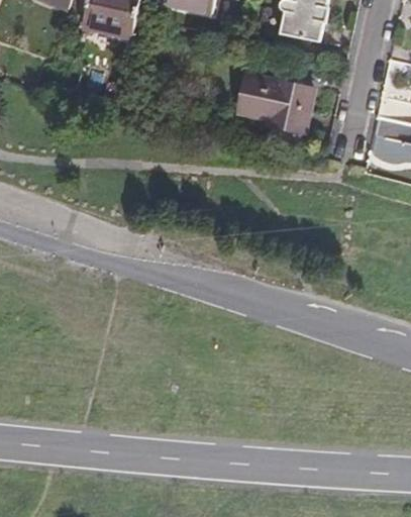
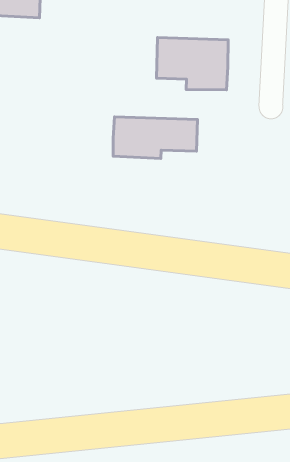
building: none -> [113,117,198,158]

